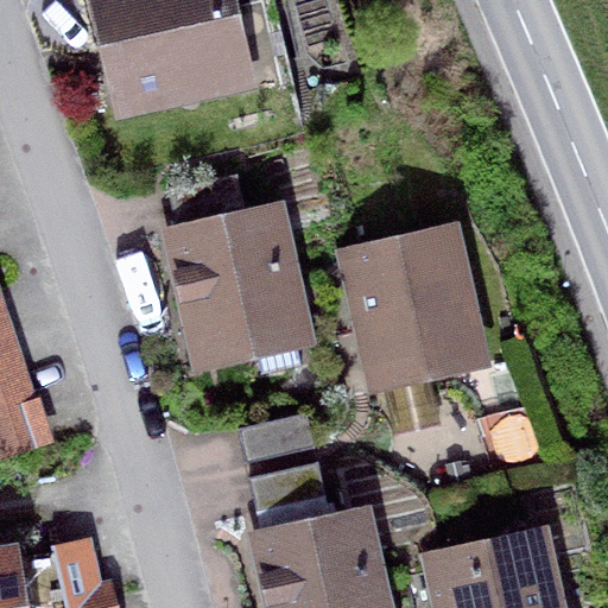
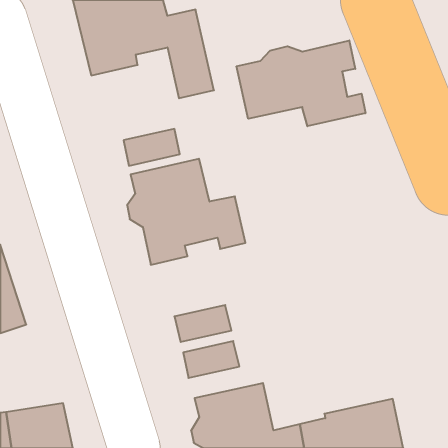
building: none -> [237,40,365,126]
building: [318,236,473,369] -> none

